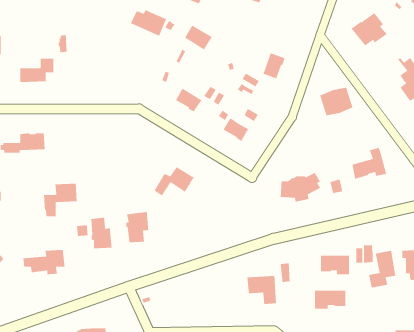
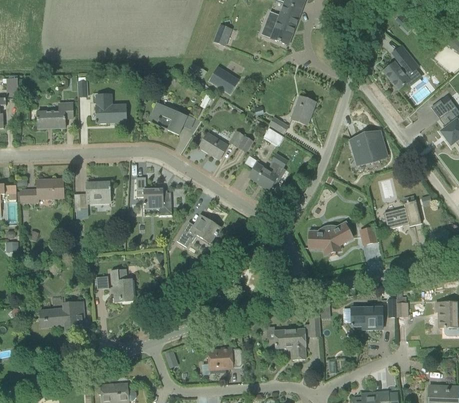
building: [130,9,167,37] -> [148,105,187,134]
building: none -> [95,93,126,122]
building: none -> [136,176,171,214]
building: [43,183,78,217] -> [74,181,110,217]
building: [125,211,149,243] -> none
building: [368,250,396,289] -> none
building: [314,290,346,310] -> none
building: none -> [208,347,233,373]

